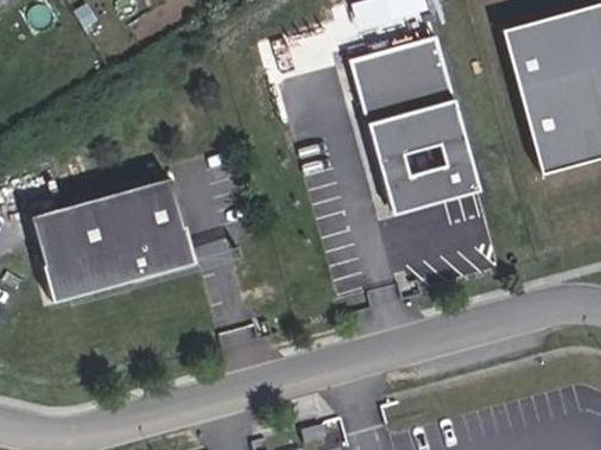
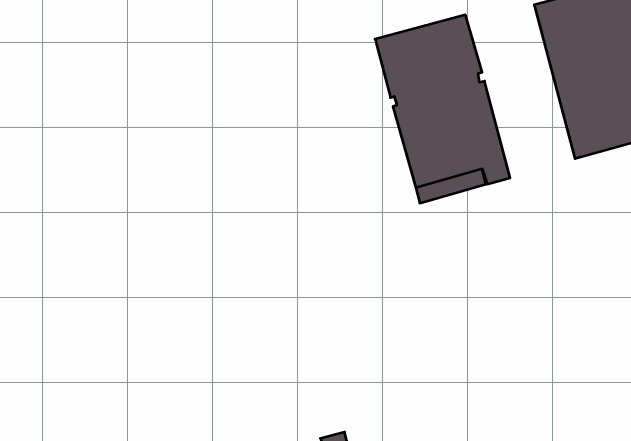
building: [30,173,195,300] -> none

